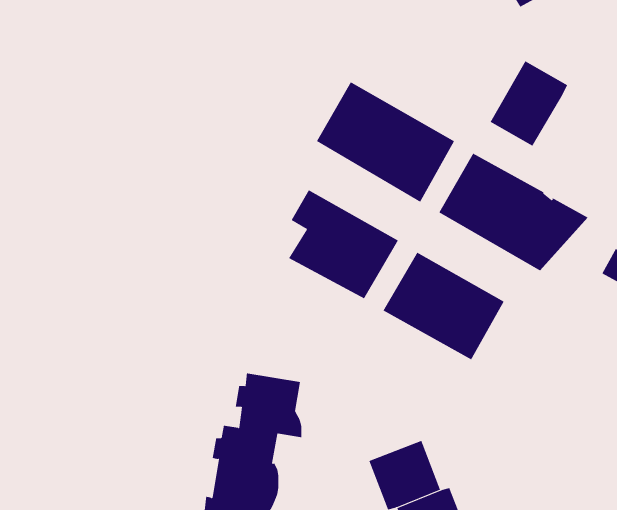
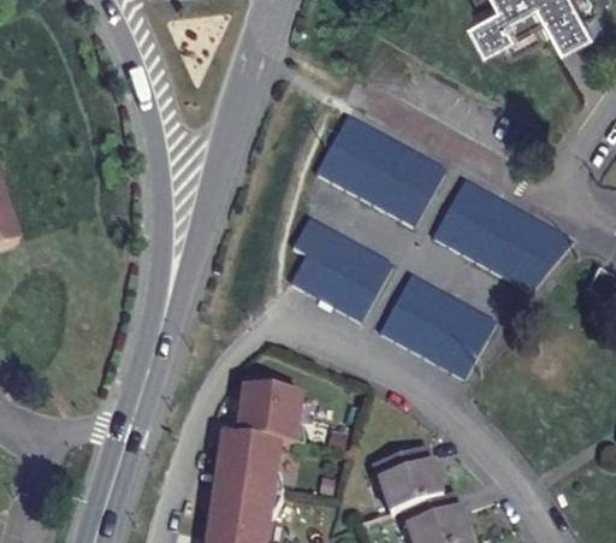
building: [490,60,568,147] -> none

